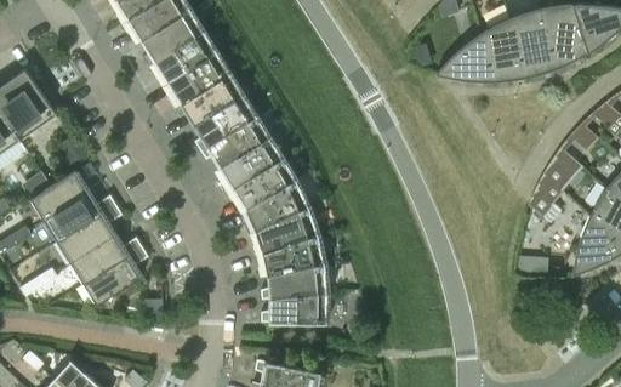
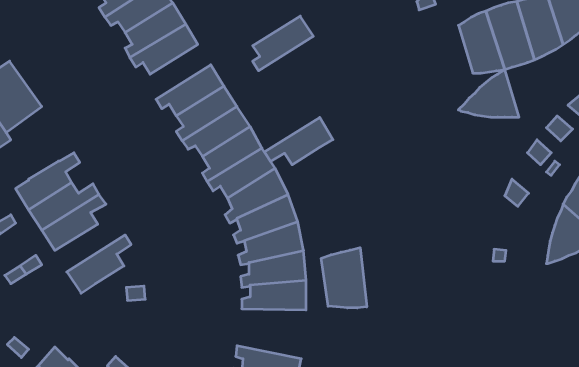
building: [434,33,496,81] -> [458,69,519,117]
building: [167,52,229,108] -> [253,16,313,71]
building: none -> [265,117,333,165]
building: [70,235,142,284] -> none
building: none -> [321,248,367,308]

